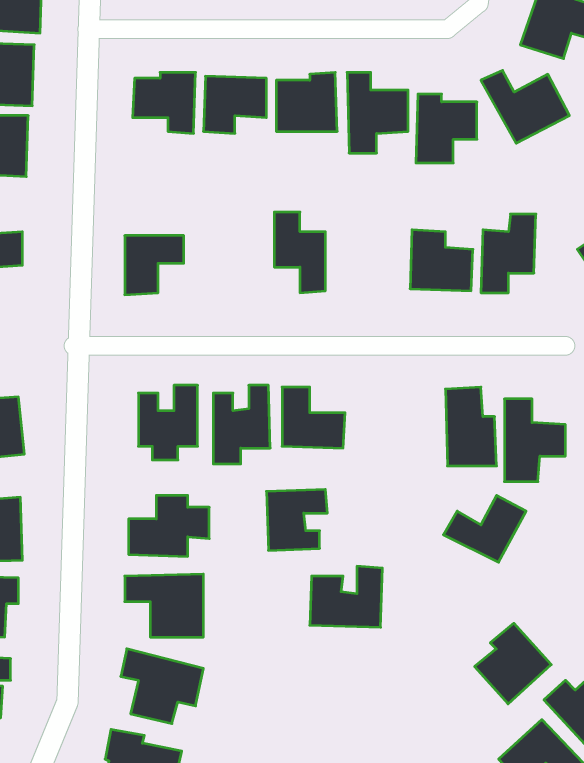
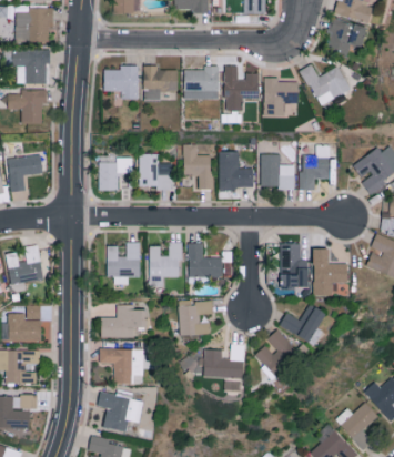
building: none -> [219,151,253,189]
building: none -> [139,153,172,187]
building: [475,623,551,704] -> [255,329,299,375]

